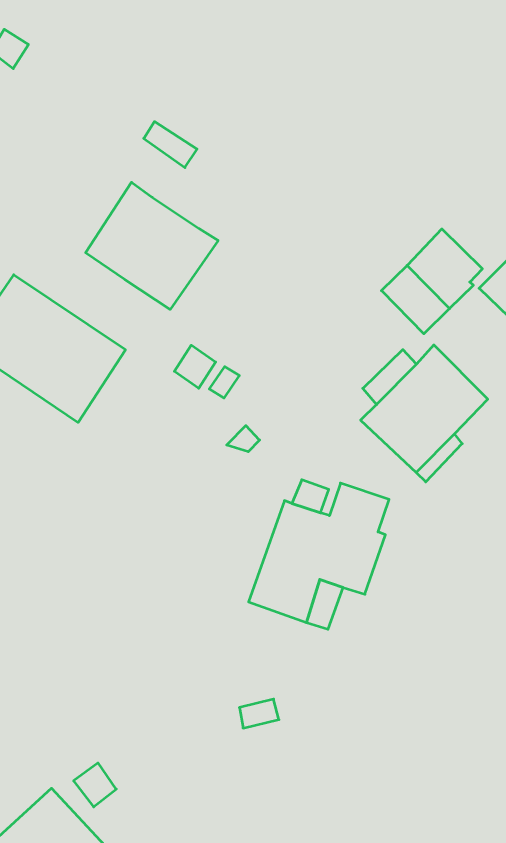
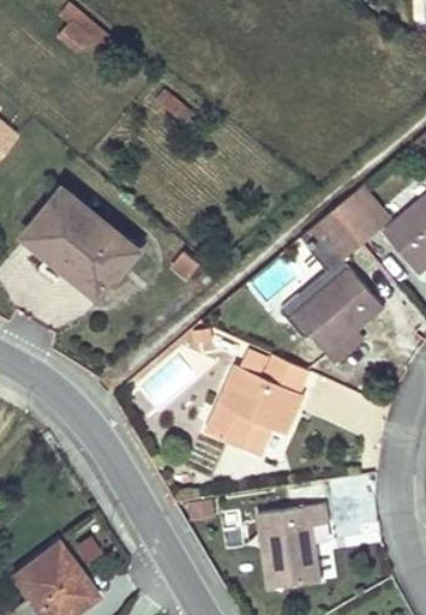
building: [86,182,218,309] -> none
building: none -> [257,485,328,589]

